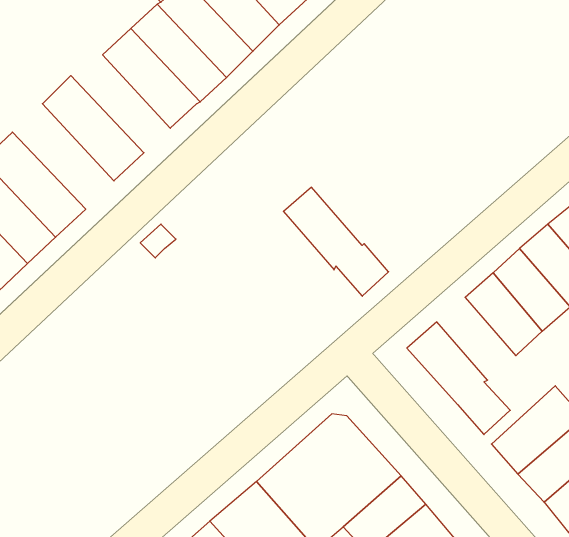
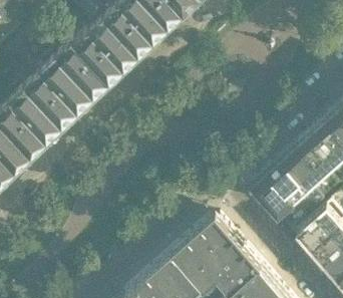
building: none -> [72,31,122,83]
building: none -> [38,57,92,113]
building: [283,187,389,296] -> [265,161,321,219]

